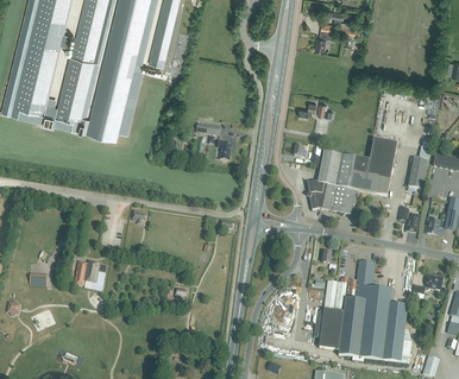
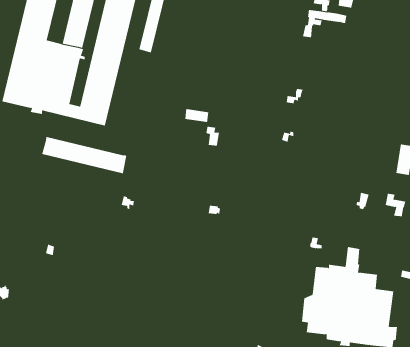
building: [307,139,396,215] -> none
building: none -> [41,136,127,174]
building: [74,261,106,286] -> none

